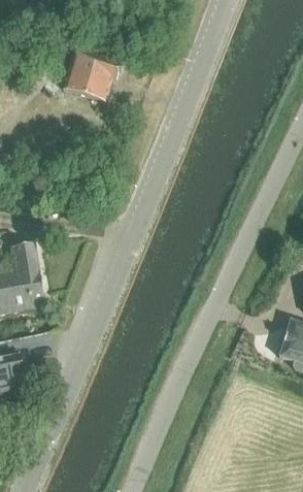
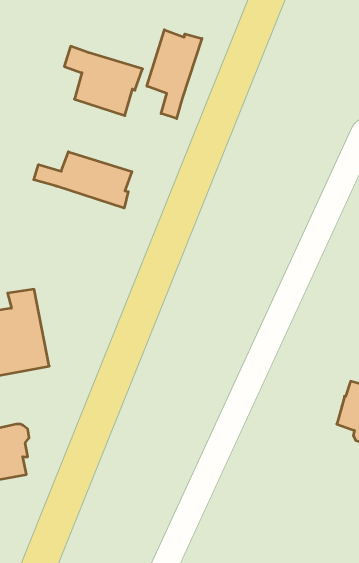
building: none -> [147,30,202,119]
building: none -> [34,152,132,208]

